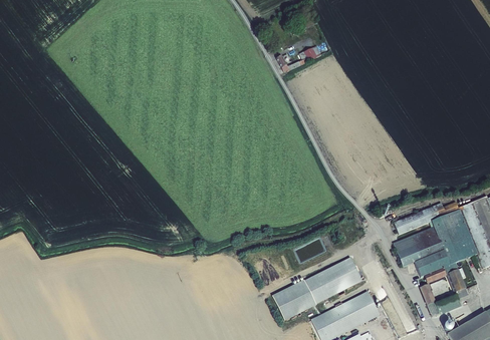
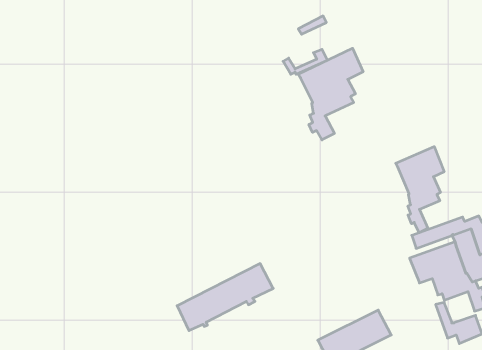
building: none -> [298,48,363,140]
building: none -> [396,147,444,233]
building: [272,256,361,318] -> [177,264,273,331]

